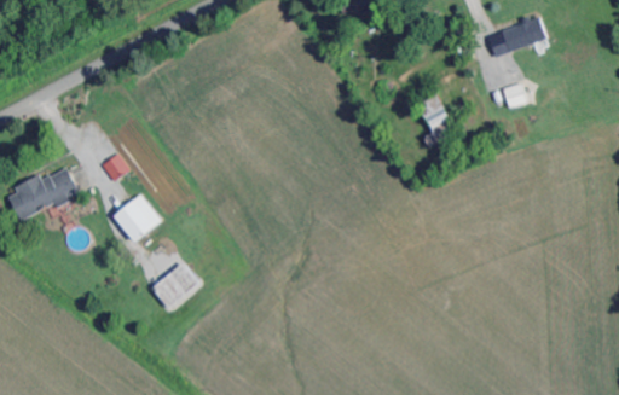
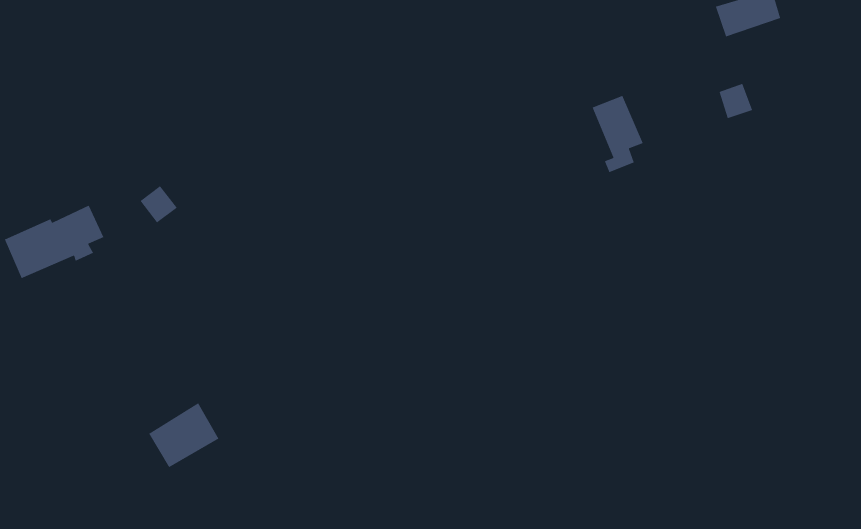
building: [112,194,161,243] -> none
building: [150,263,199,309] -> [148,402,219,468]

